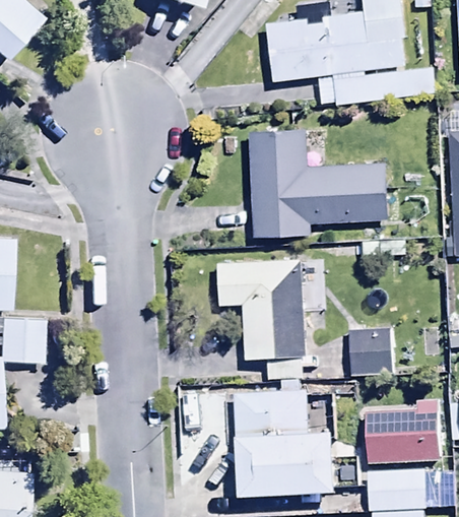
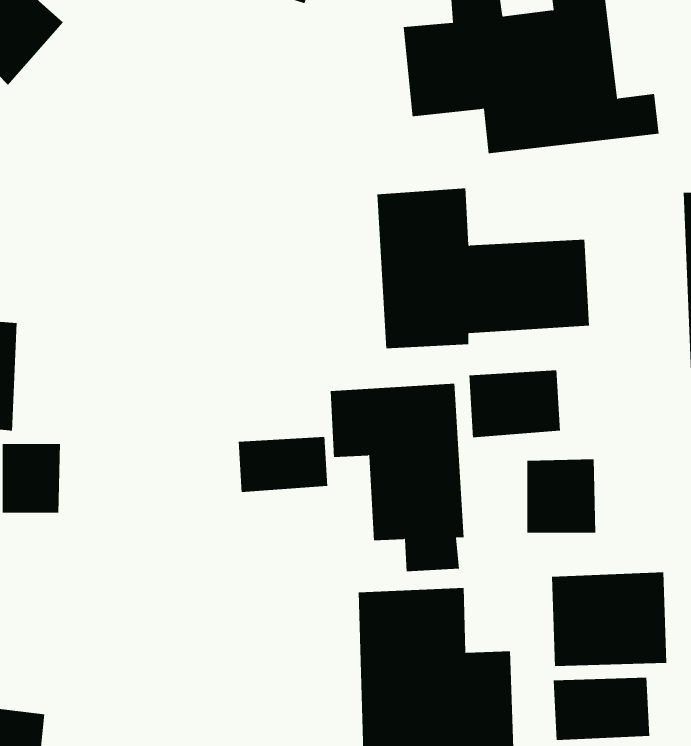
building: none -> [469,370,560,438]
building: none -> [238,436,328,493]

